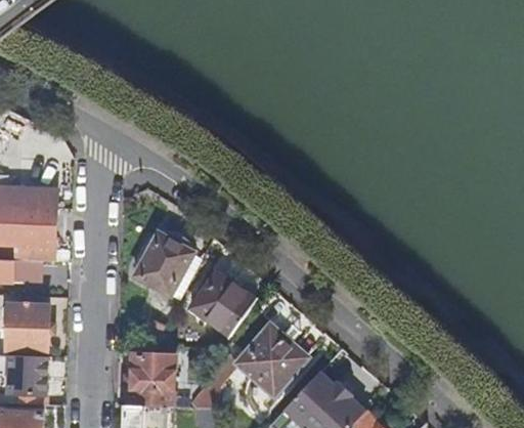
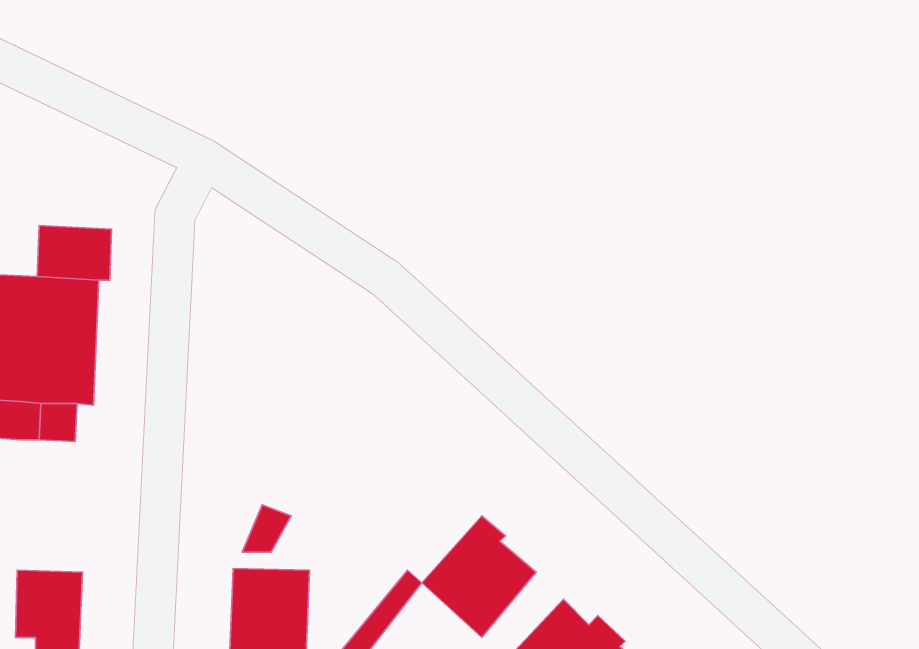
building: [134,230,194,295] -> none
building: [190,273,255,337] -> none
building: [7,305,50,352] -> none

